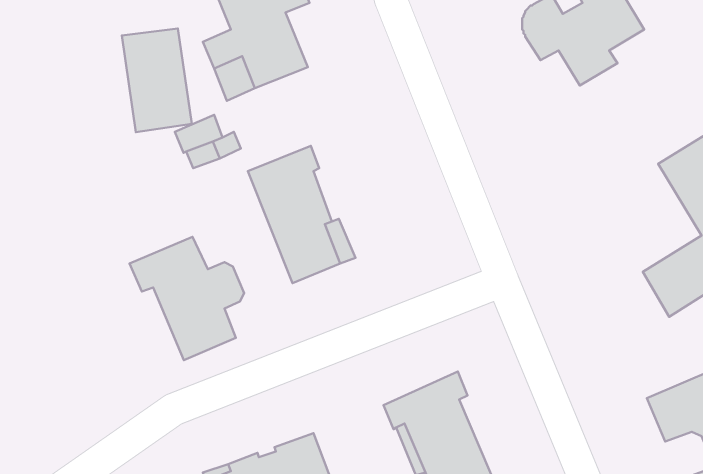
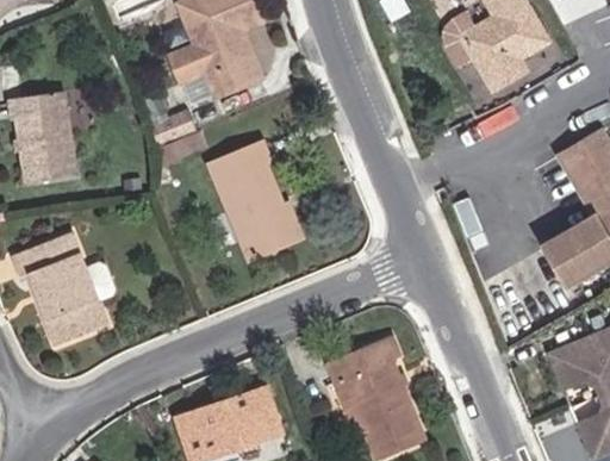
building: [122,29,192,132] -> [11,98,70,186]
building: [129,237,244,360] -> [13,233,111,338]

